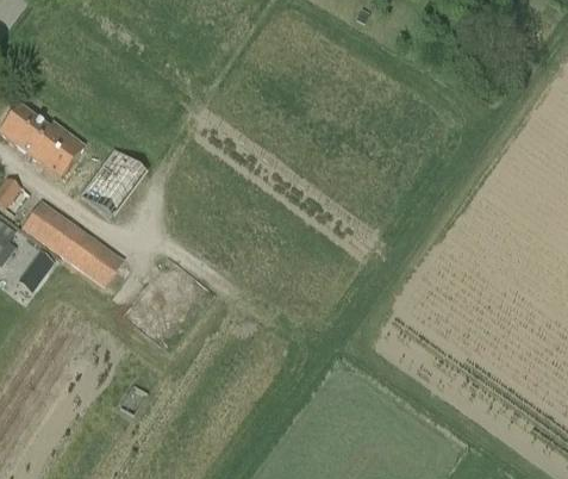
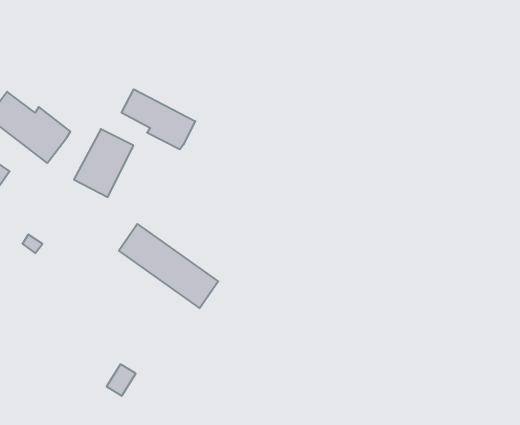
building: none -> [122,89,195,149]
building: [23,200,124,286] -> [119,224,218,308]

